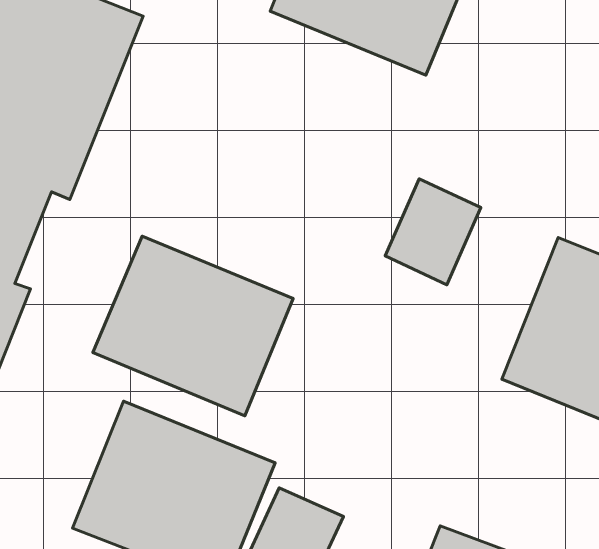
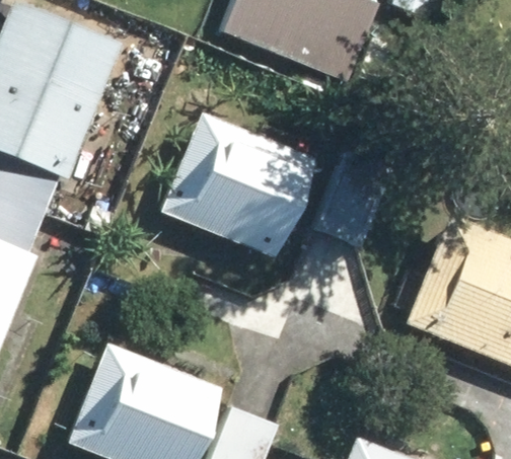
building: none -> [160,116,320,261]
building: [93,236,293,416] -> none

